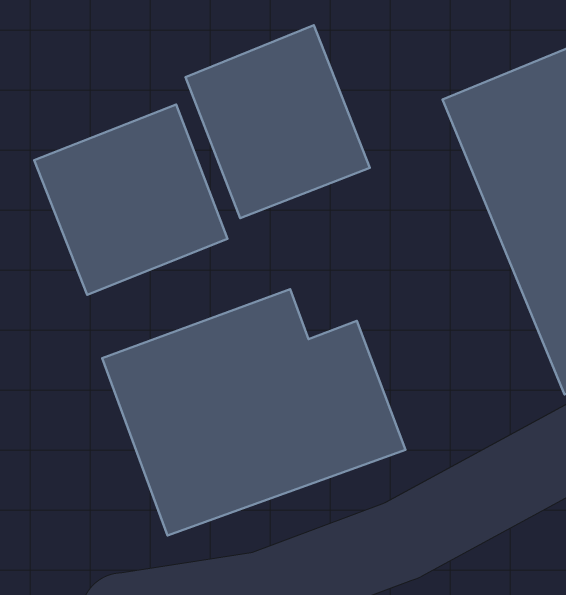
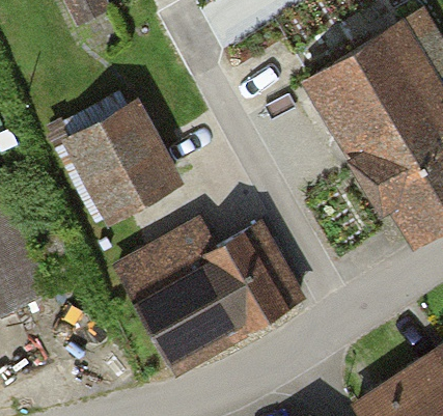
building: [185,25,370,218] -> none

